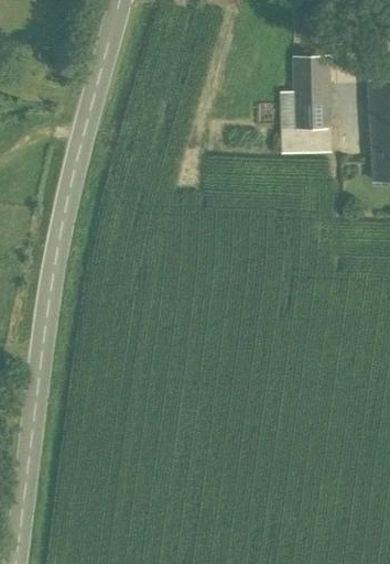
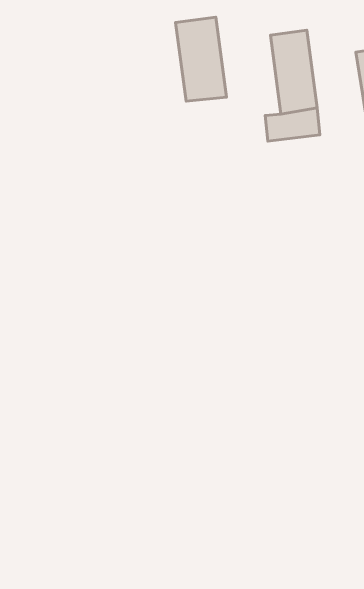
building: none -> [175,17,227,101]

